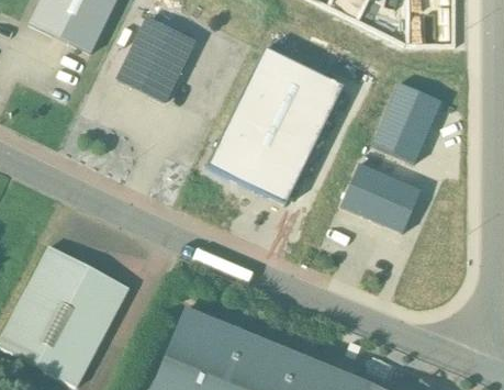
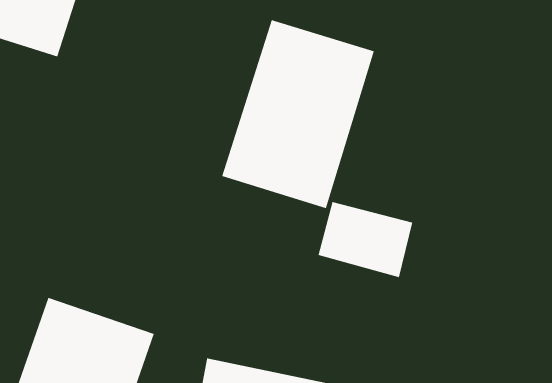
building: [117,20,193,102] -> none
building: [370,78,440,158] -> none
building: [340,164,421,233] -> [318,201,413,278]

